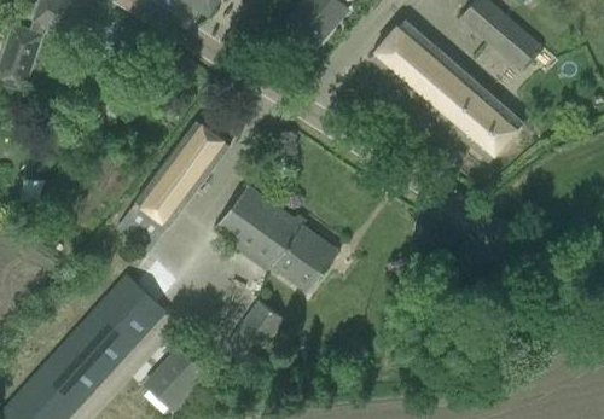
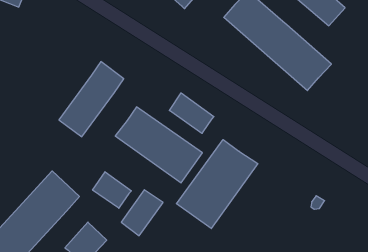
building: none -> [169,93,214,133]
building: none -> [176,140,258,229]
building: none -> [93,172,131,208]

